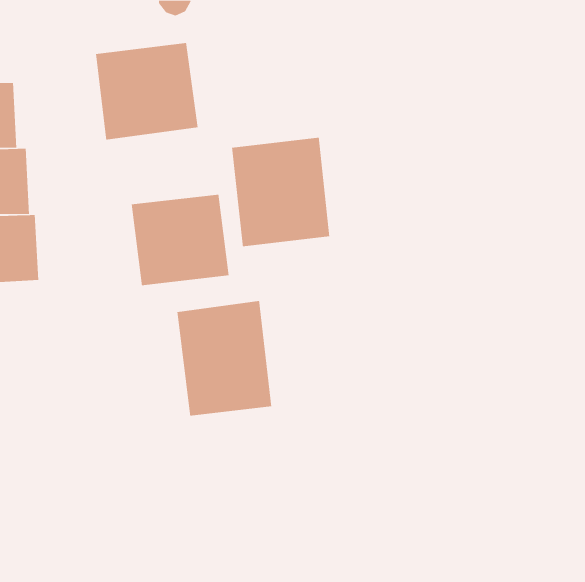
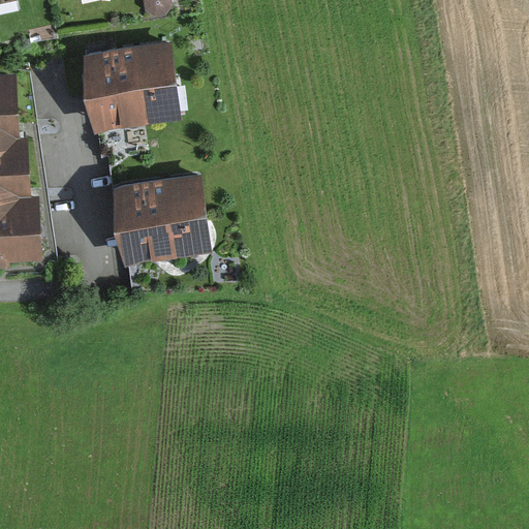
building: [231,137,330,247] -> none
building: [177,300,272,417] -> none

